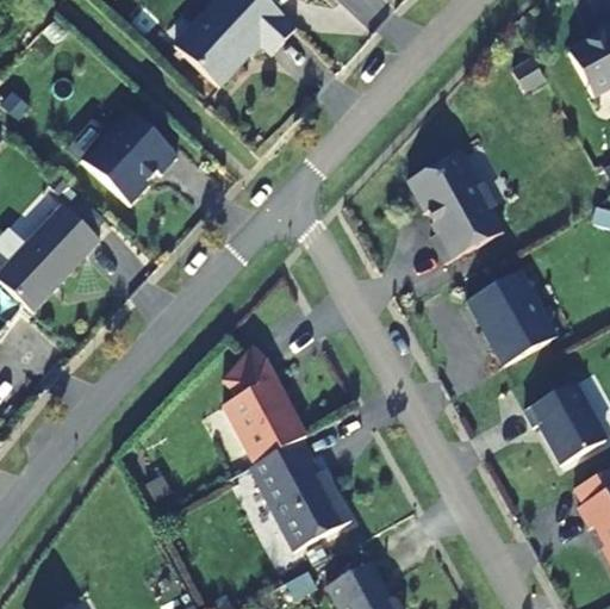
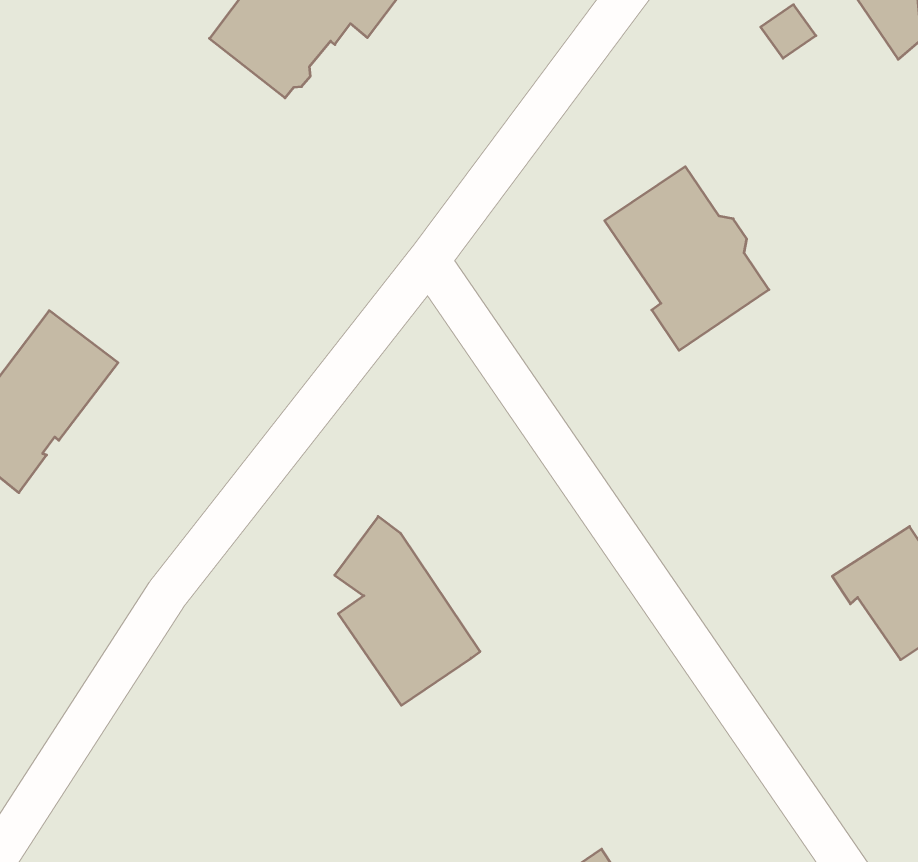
building: [80,112,176,205] -> none
building: [466,267,550,361] -> none
building: [249,437,353,548] -> none

